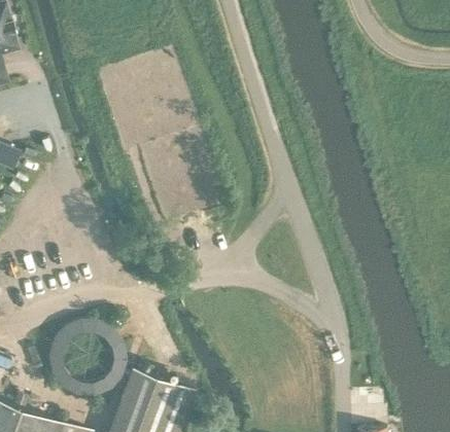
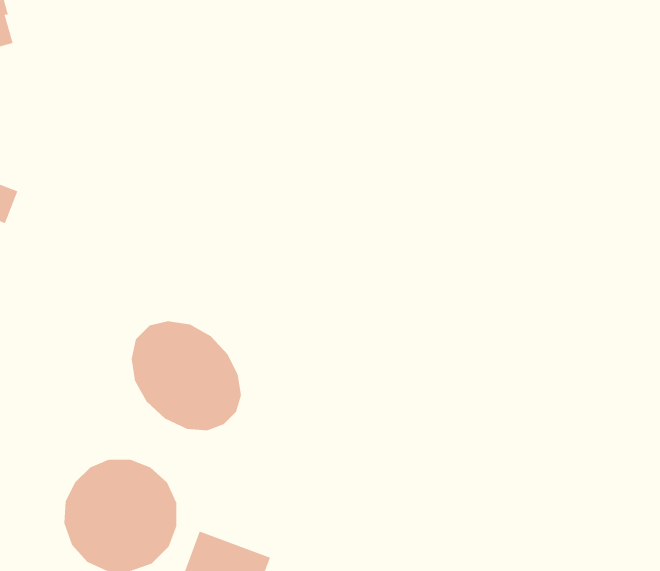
building: none -> [131,320,241,431]

